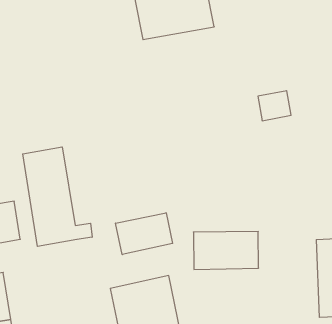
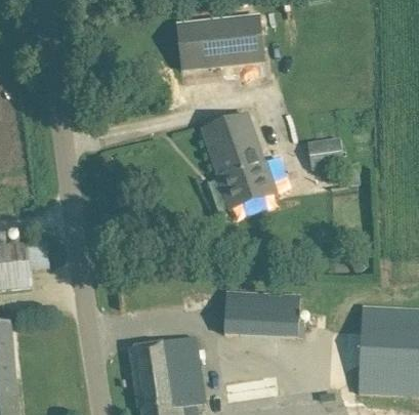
building: none -> [202,111,277,208]
building: [23,147,92,246] -> none
building: [116,213,173,255] -> none

